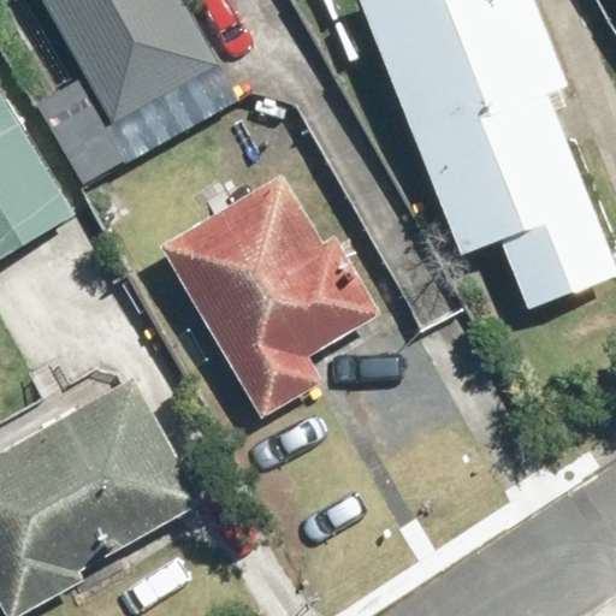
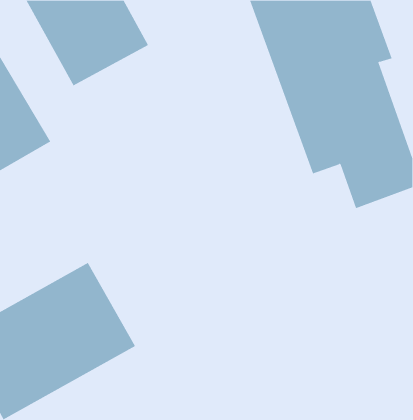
building: [158,177,378,422] -> none

